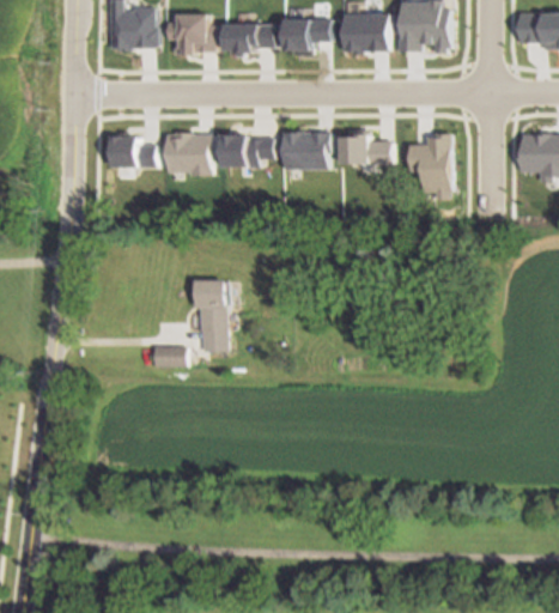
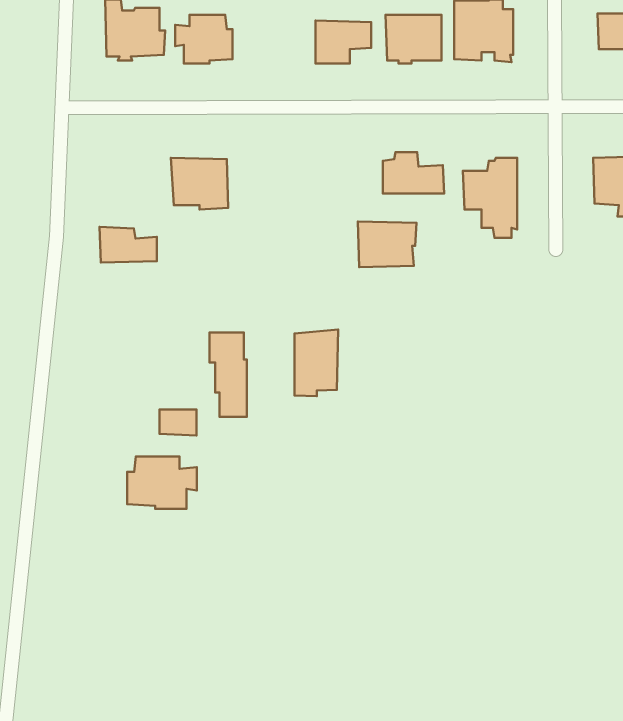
building: [224,23,277,53] -> none
building: [281,131,330,169] -> [358,221,417,267]
building: [220,133,273,166] -> none
building: [107,136,154,166] -> [100,227,157,263]
building: none -> [294,330,338,396]
building: none -> [127,457,197,509]

